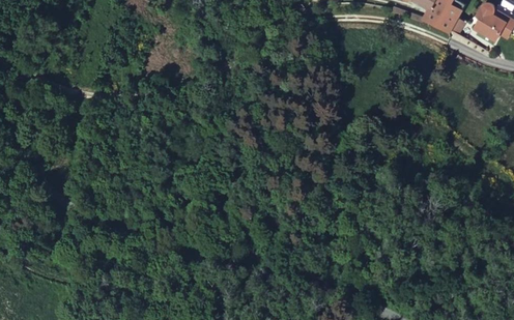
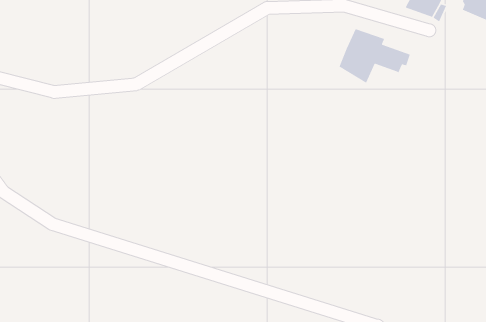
building: none -> [338,28,411,84]

